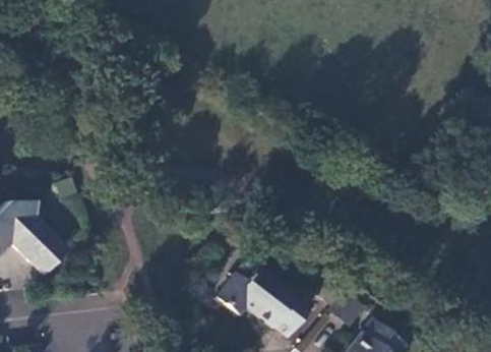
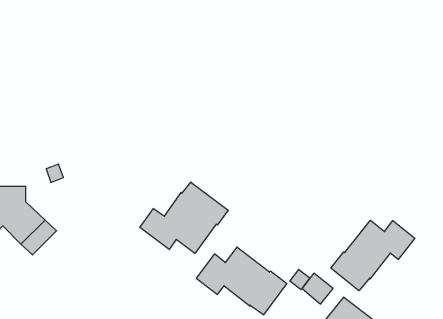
building: none -> [140,182,228,253]
building: none -> [331,220,415,291]

